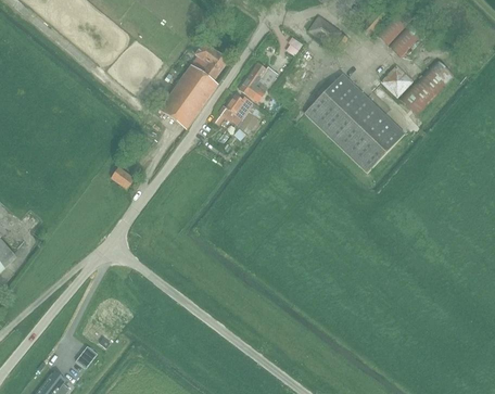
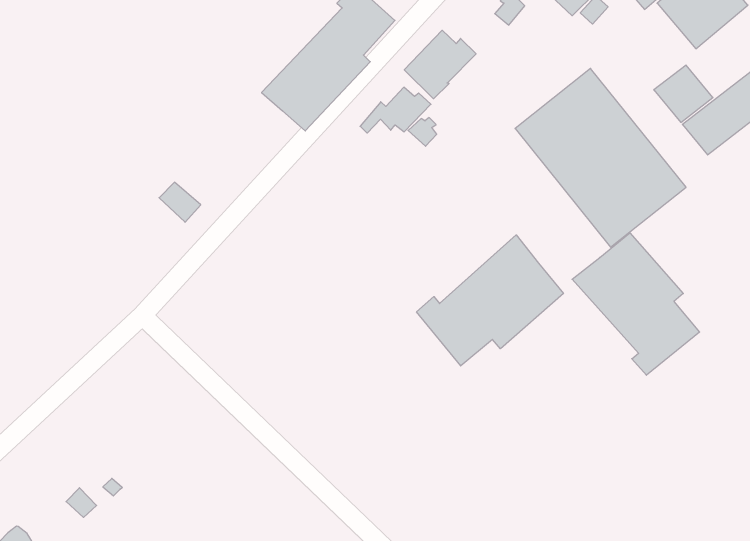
building: none -> [572,233,700,375]
building: none -> [417,235,563,366]

